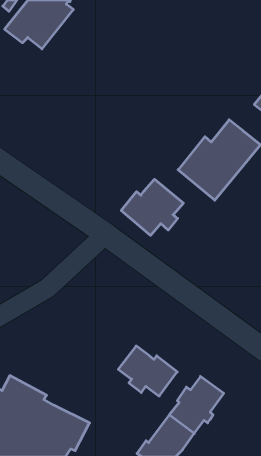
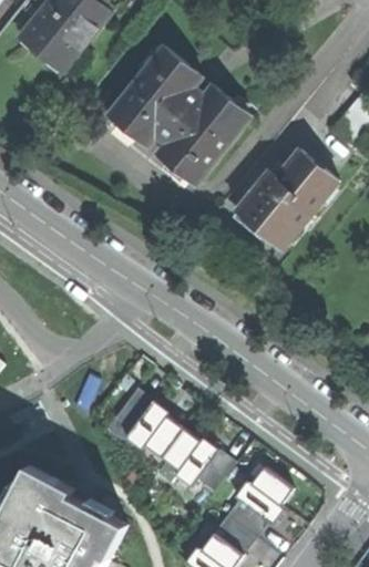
building: none -> [107,47,249,184]
building: [121,179,183,235] -> none
building: none -> [113,388,183,458]

